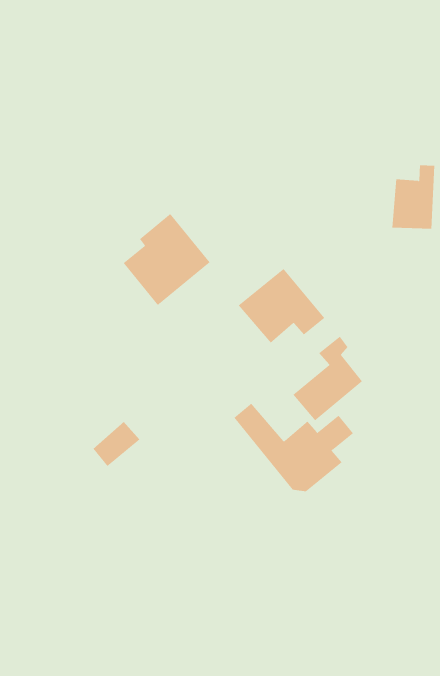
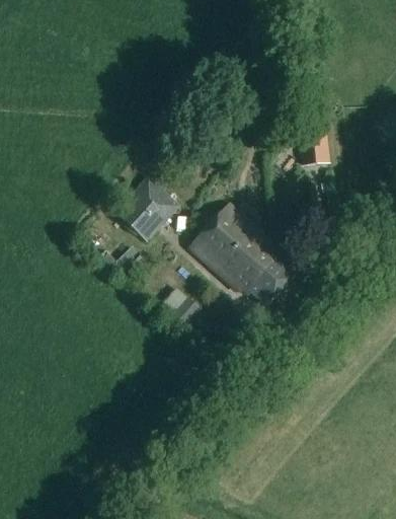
building: [233,403,354,492] -> [190,232,275,289]
building: [92,421,140,467] -> [167,296,200,329]

